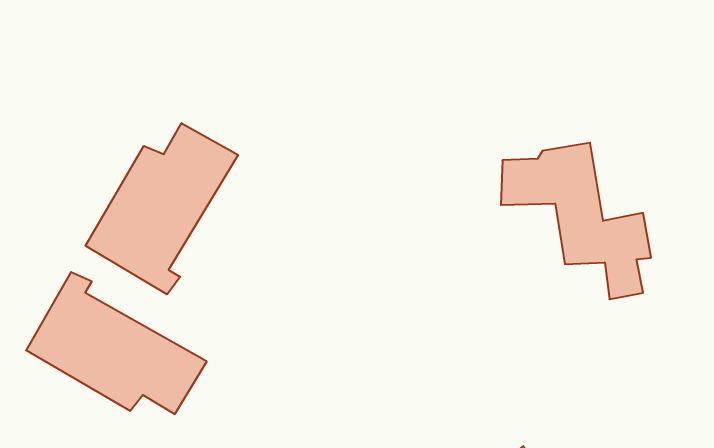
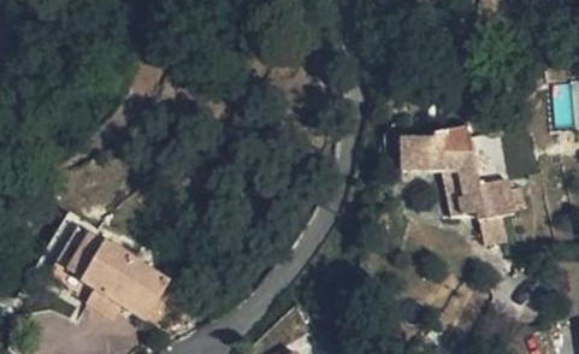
building: [85,123,238,294] -> none

